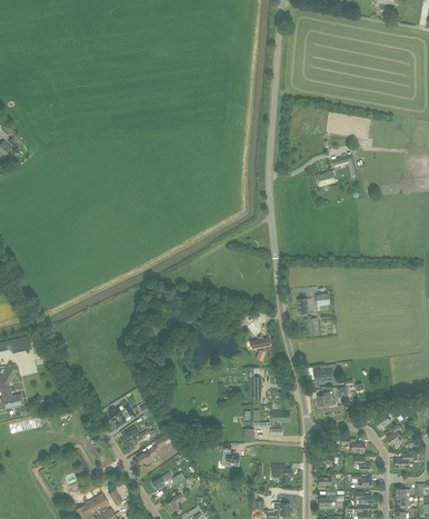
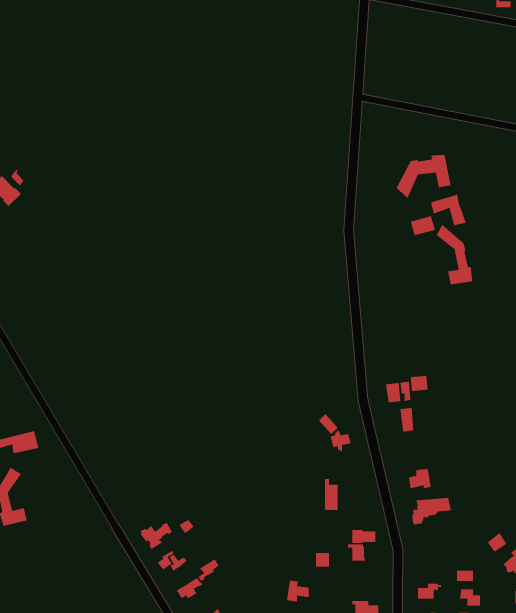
building: none -> [396,154,451,199]
building: none -> [436,224,473,285]

